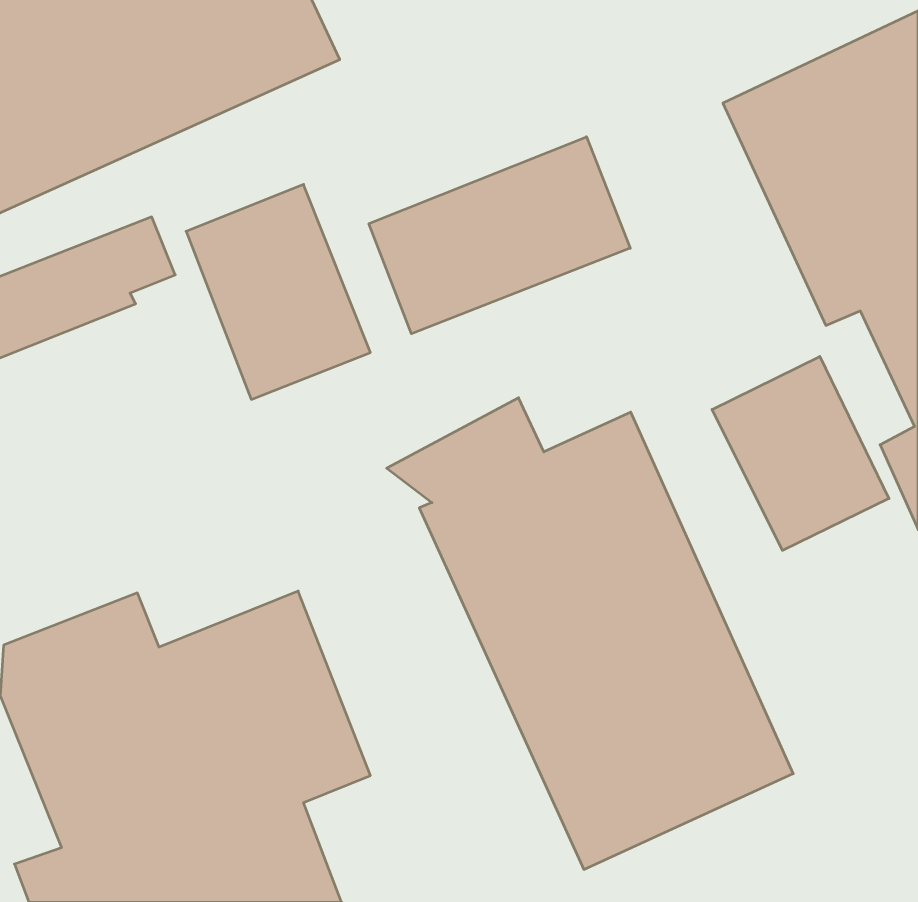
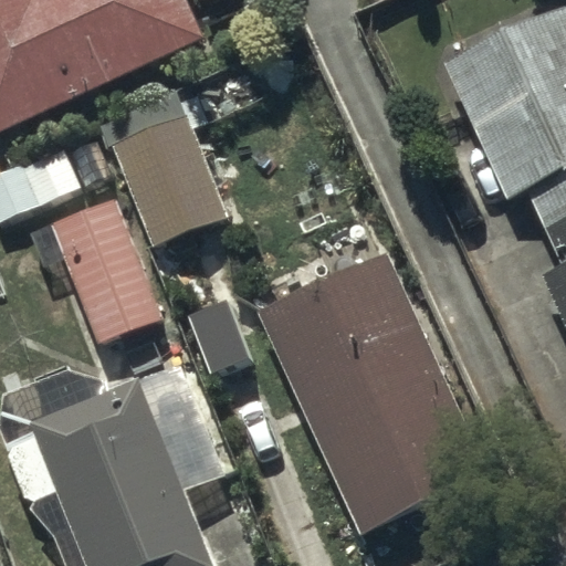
building: [369,137,630,334] -> none
building: none -> [30,197,161,340]
building: [712,356,889,550] -> none

